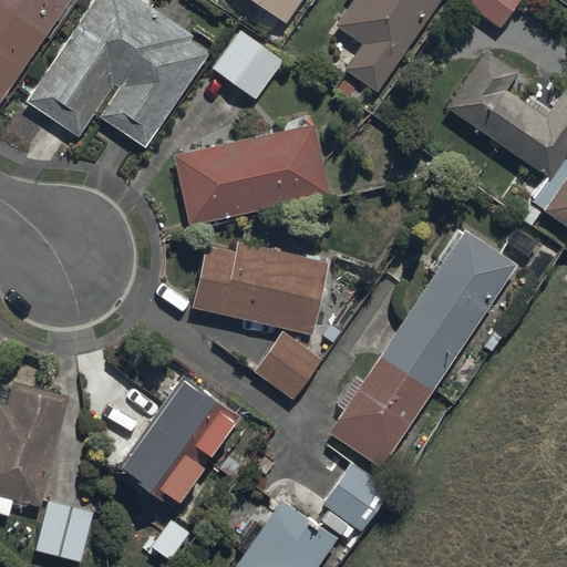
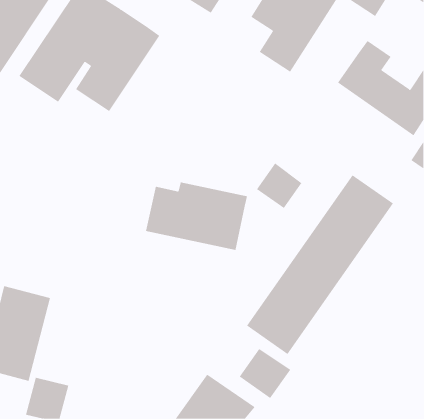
building: [213,27,284,99] -> none
building: [173,124,331,227] -> none
building: none -> [256,162,302,209]
building: [247,328,321,398] -> none
building: [117,370,247,507] -> none

